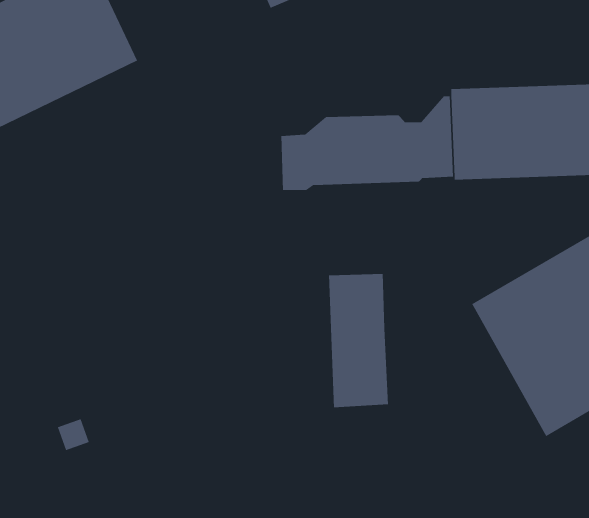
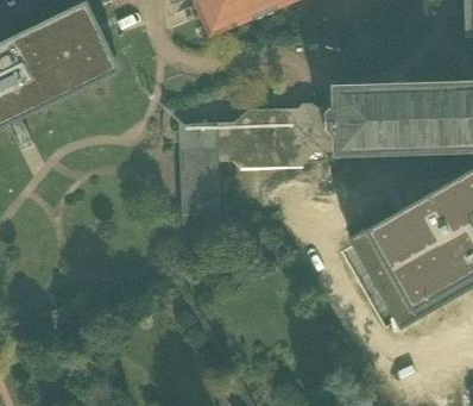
building: [328,273,389,408] -> [178,121,220,214]

